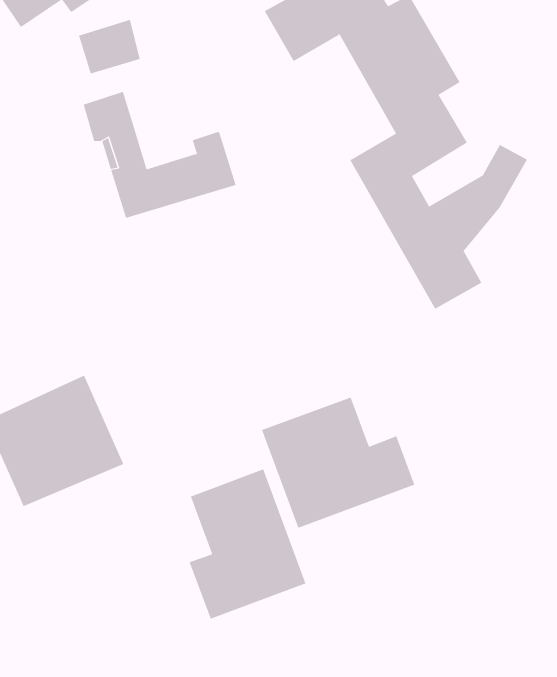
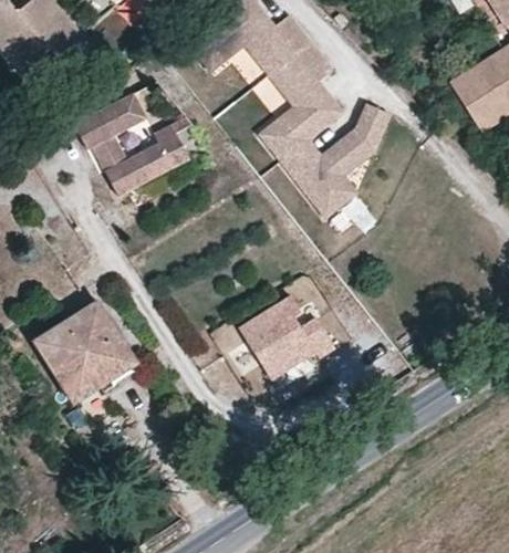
building: [78,19,141,74] -> [100,91,145,133]
building: [189,469,306,619] -> none

